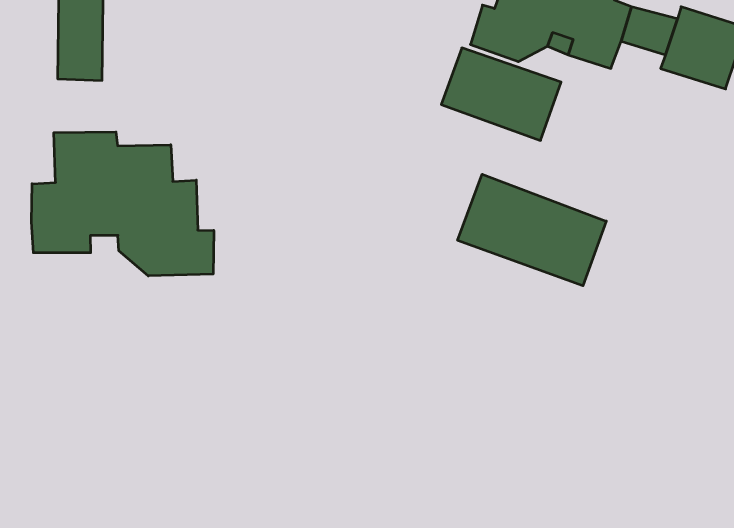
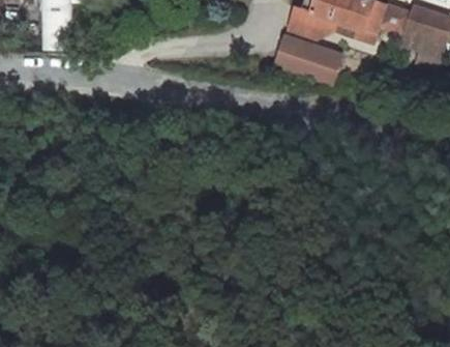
building: [31,132,214,276] -> none
building: [458,174,606,286] -> none

